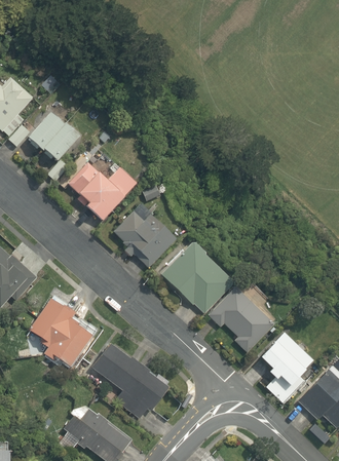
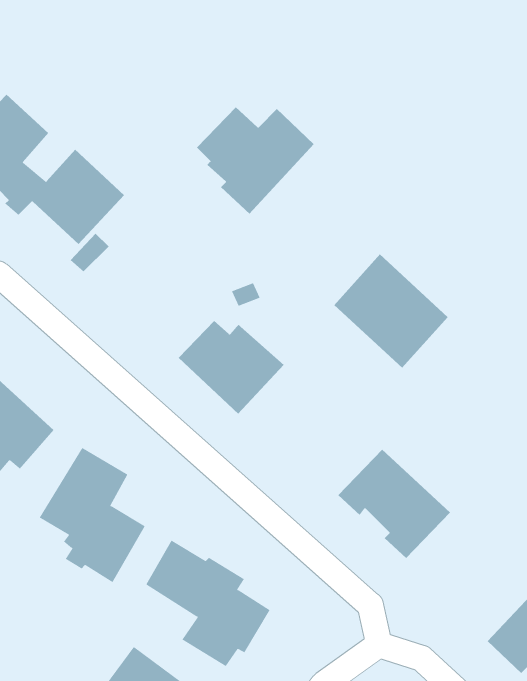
building: [67,159,138,224] -> [196,106,315,215]
building: [162,246,231,315] -> [333,254,448,369]
building: [256,330,313,388] -> none

